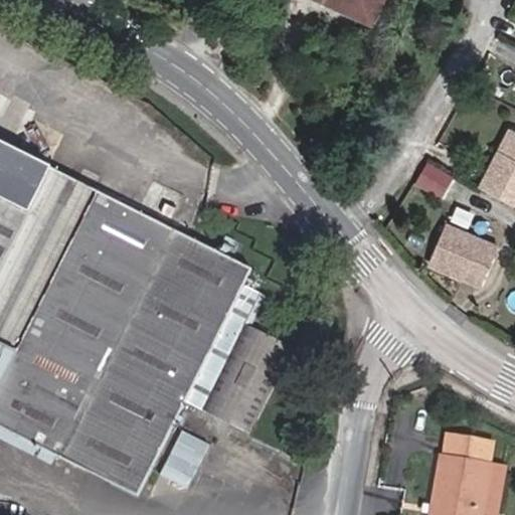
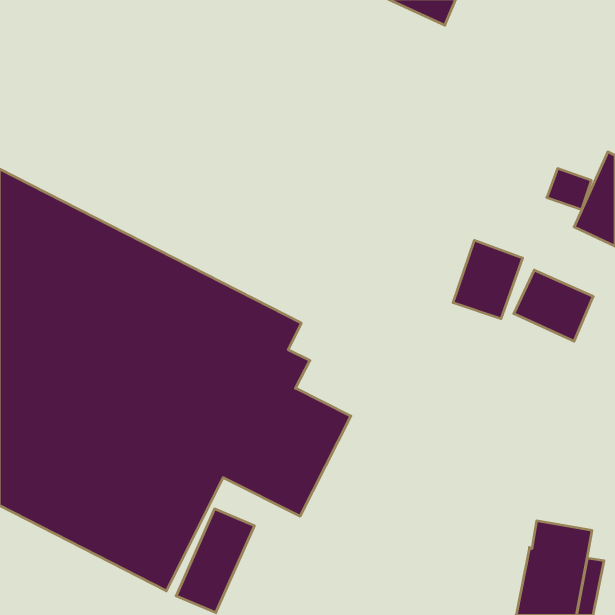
building: [415,161,453,195] -> [547,169,591,210]
building: none -> [453,240,523,319]

